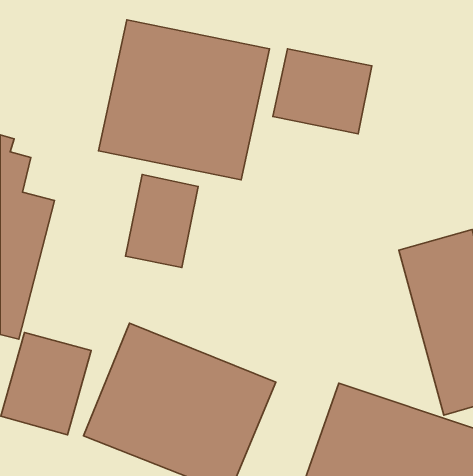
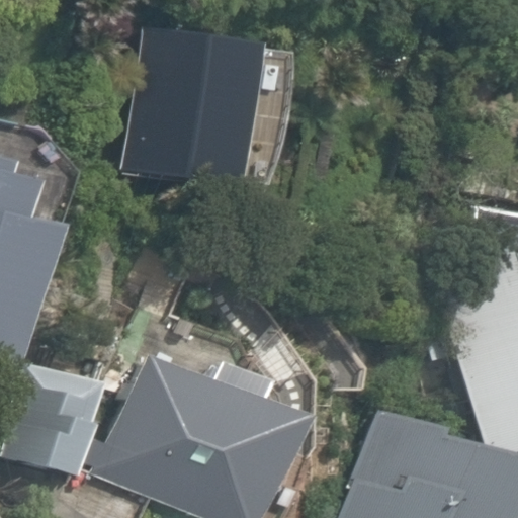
building: [273,49,372,134] -> none
building: [125,174,198,268] -> none

